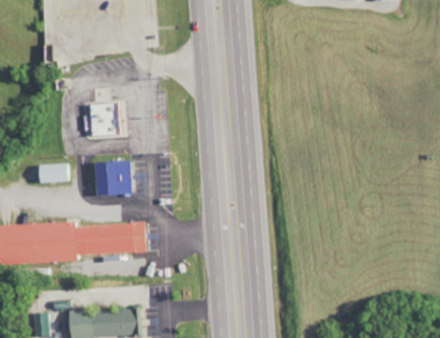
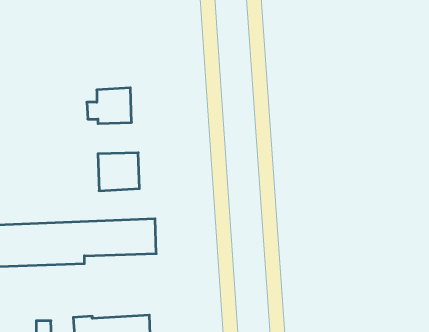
building: [43,164,70,183] -> none

